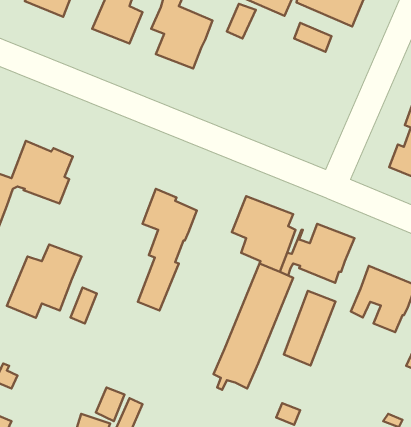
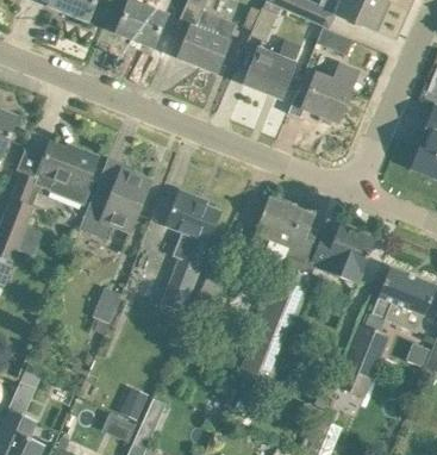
building: none -> [245,38,302,98]
building: none -> [288,63,358,120]
building: [7,244,82,318] -> [80,167,154,239]
building: [284,291,336,365] -> [338,323,389,397]

